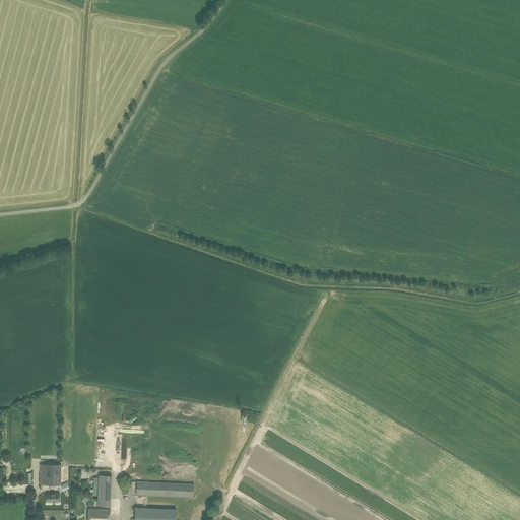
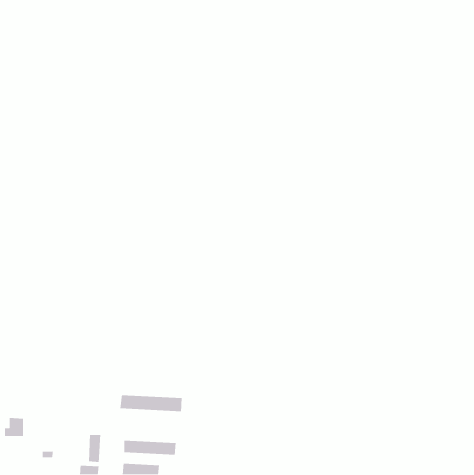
building: none -> [120,394,182,412]
building: [39,463,60,484] -> [4,417,24,437]

